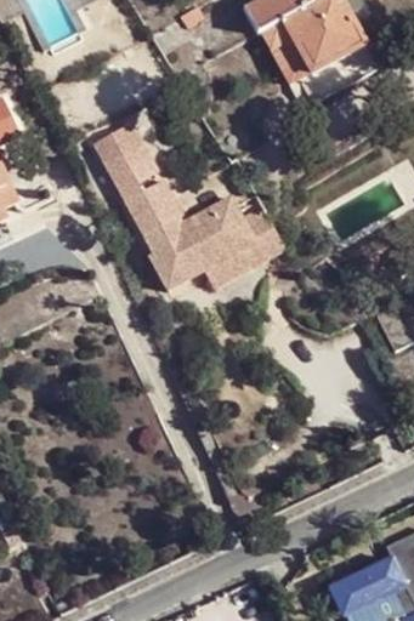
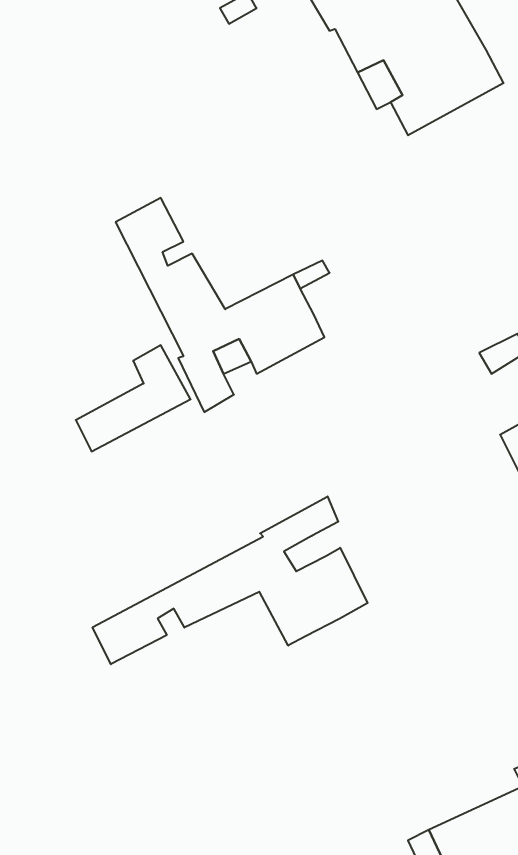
building: [204,213,284,287] -> [76,345,191,451]
building: none -> [93,496,368,664]

